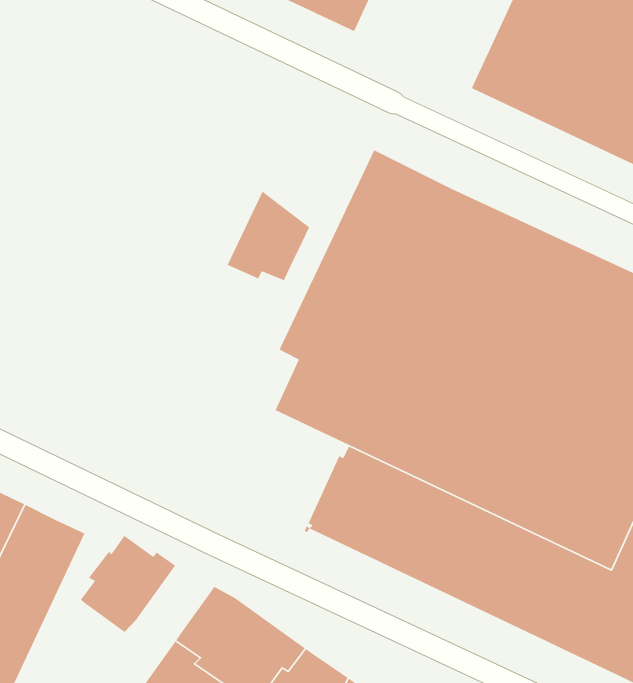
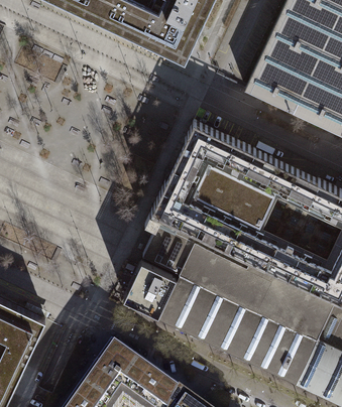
building: [227,190,310,281] -> none
building: none -> [124,258,177,313]
building: [80,535,176,633] -> none

